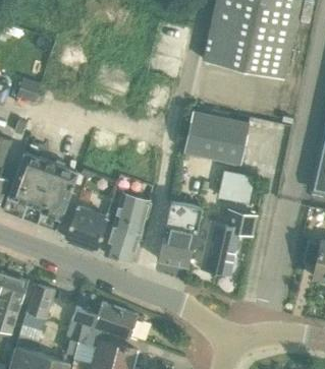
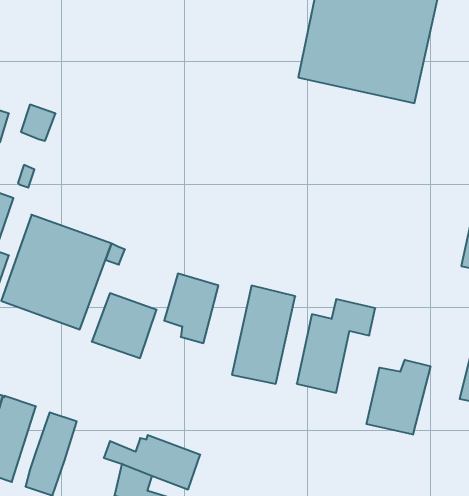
building: [185,112,251,164] -> none
building: [219,172,254,204] -> none
building: [105,225,140,262] -> none
building: none -> [366,360,430,435]

